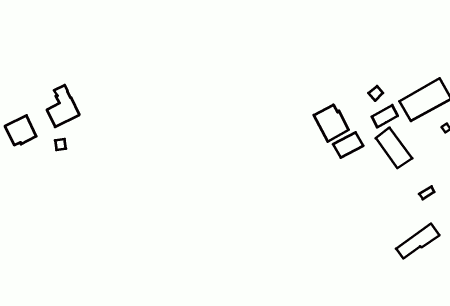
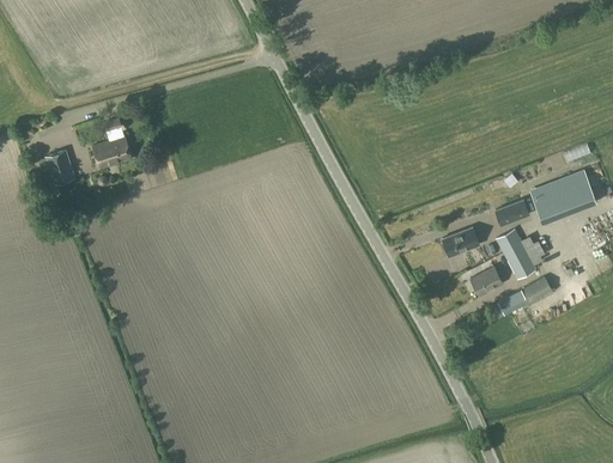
building: [314,105,349,142] -> none
building: none -> [469,264,503,294]
building: [396,224,439,258] -> [497,275,553,313]

